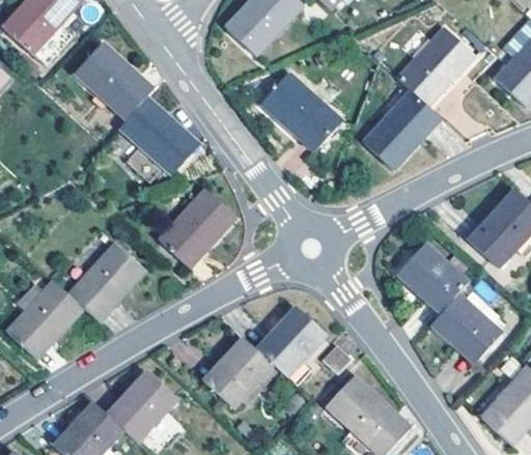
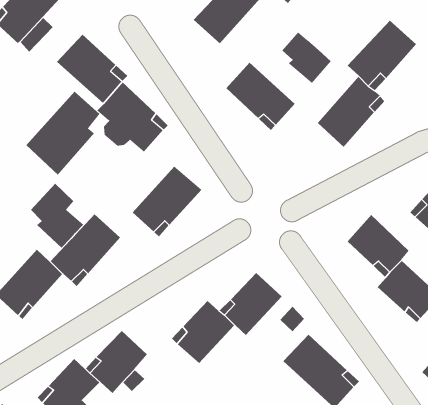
building: none -> [281,31,331,84]
building: none -> [26,91,100,175]
building: none -> [30,183,84,249]

